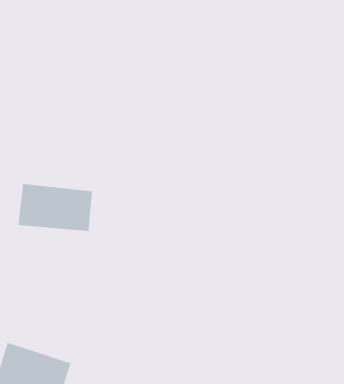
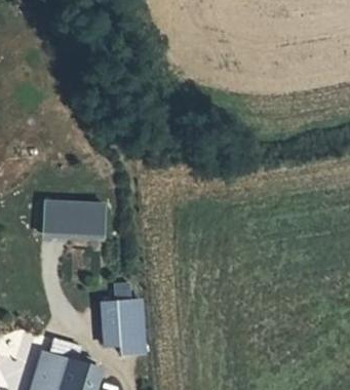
building: none -> [99,299,147,354]

